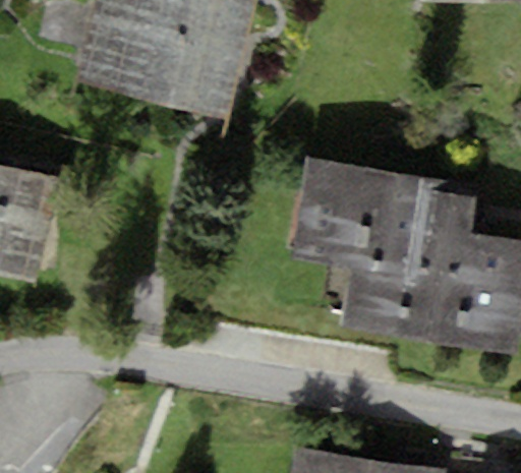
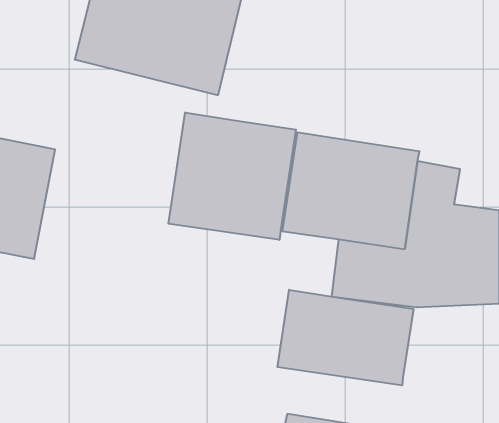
building: none -> [168,112,296,240]
building: none -> [278,290,413,385]

